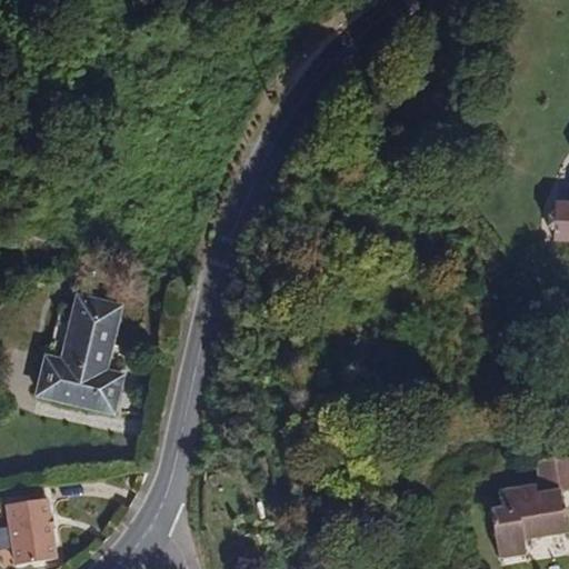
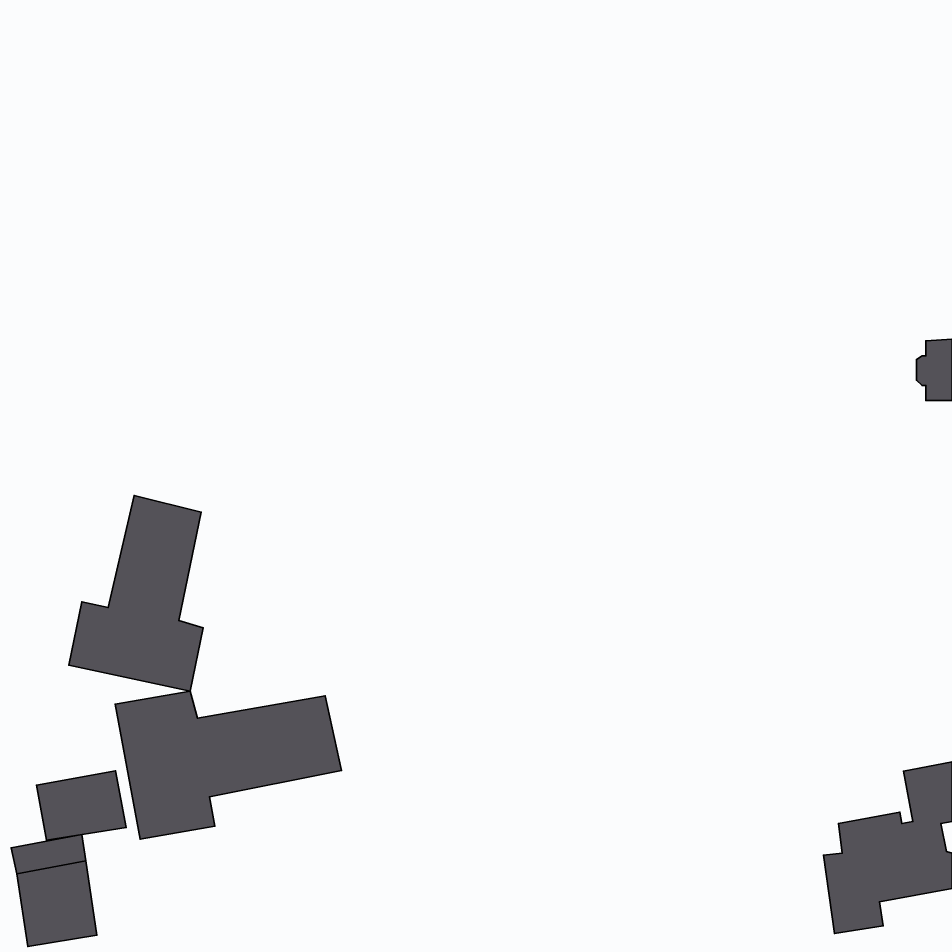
building: none -> [115,691,342,839]
building: none -> [36,771,126,840]

